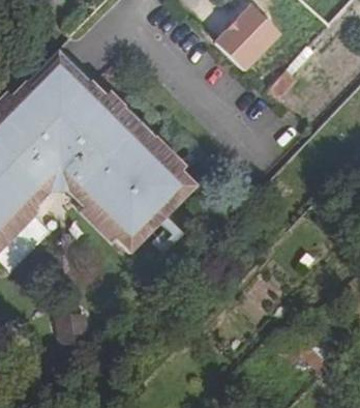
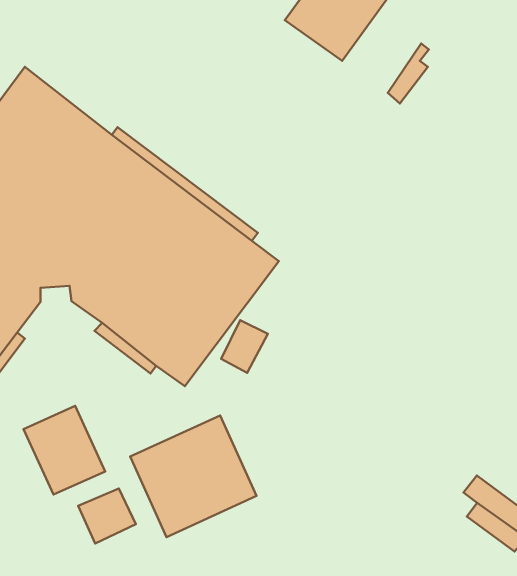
building: none -> [24,406,105,495]
building: none -> [130,415,256,537]

